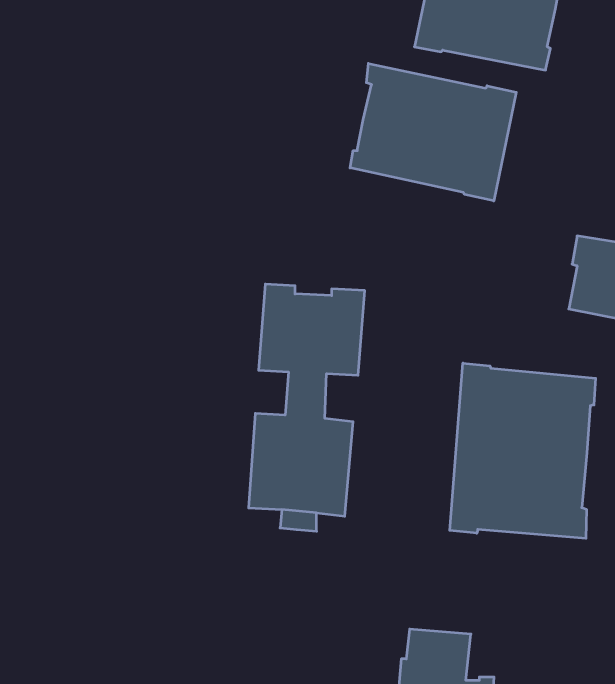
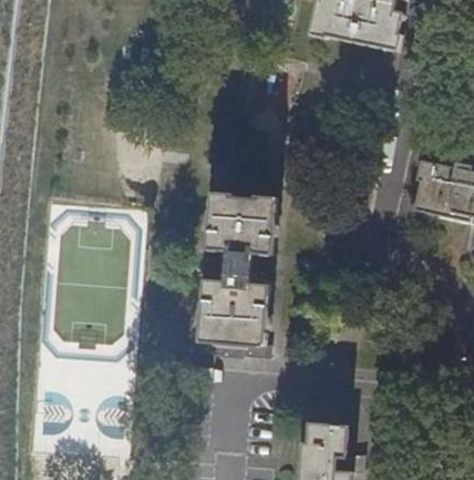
building: [350,63,516,201] -> none
building: [450,363,596,538] -> none

